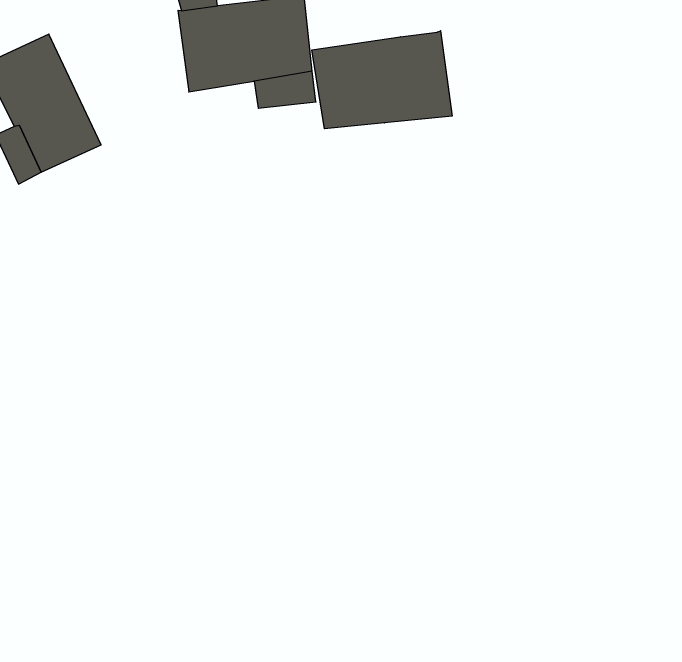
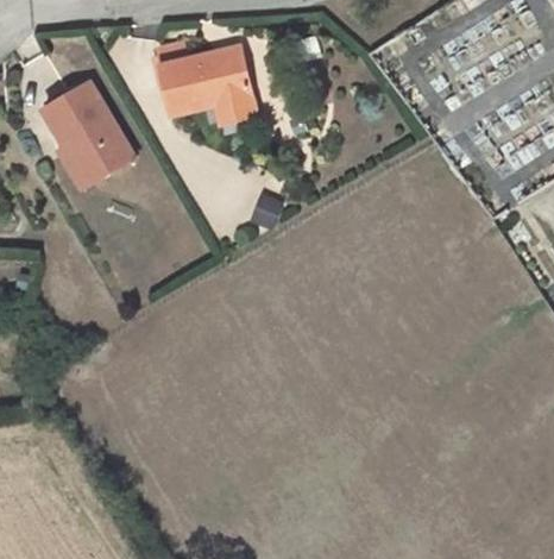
building: [312,31,452,129] -> none

